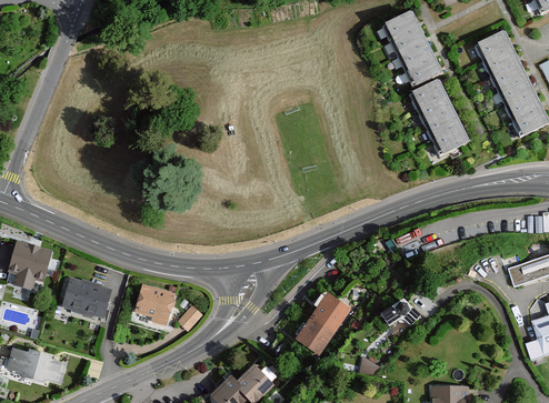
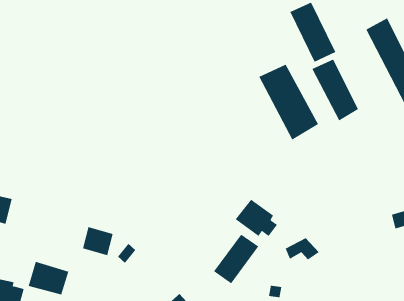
building: none -> [259,64,319,140]
building: none -> [235,199,278,237]
building: [60,276,110,318] -> [28,261,69,295]

